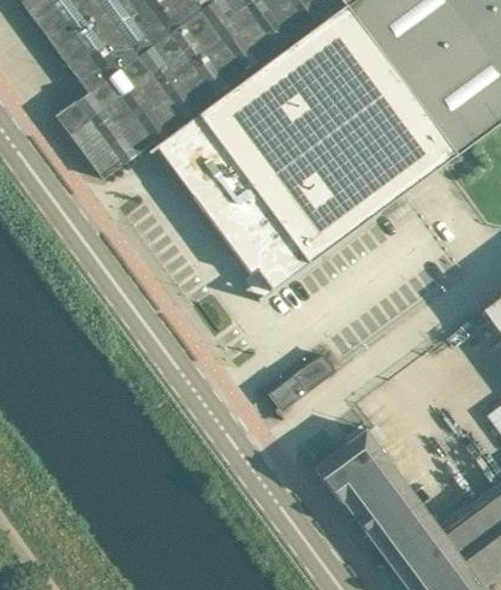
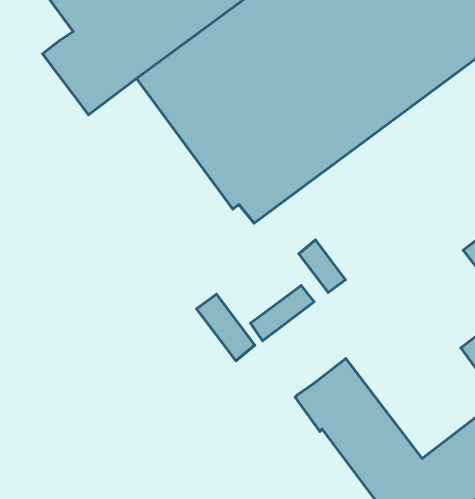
building: none -> [299,240,345,292]
building: none -> [197,294,255,361]

